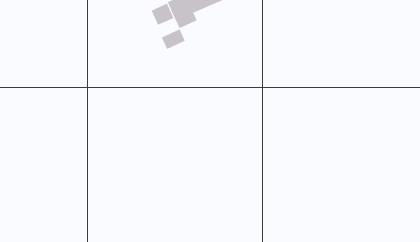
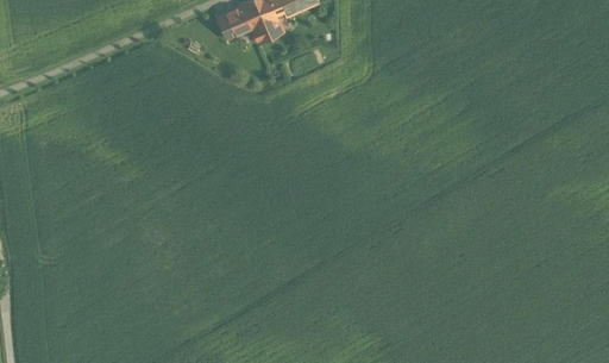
building: [161,29,186,50] -> none

